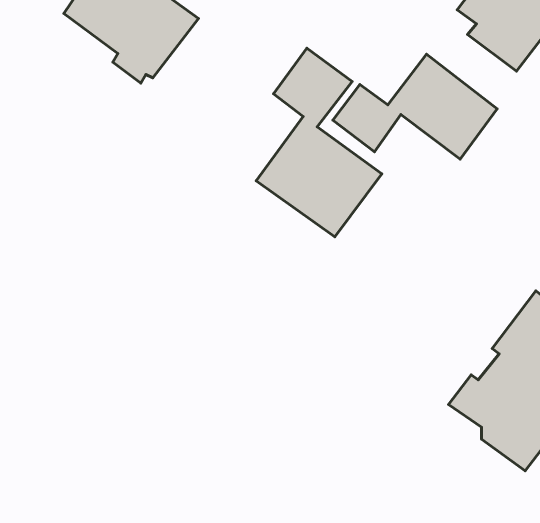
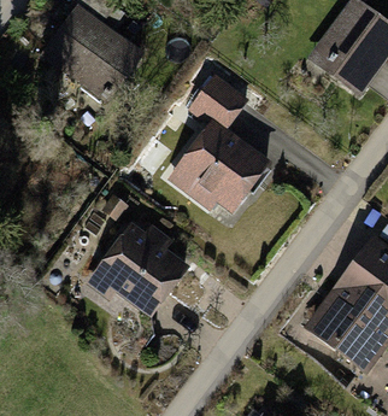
building: [333,54,497,159] -> none
building: none -> [98,229,183,312]

